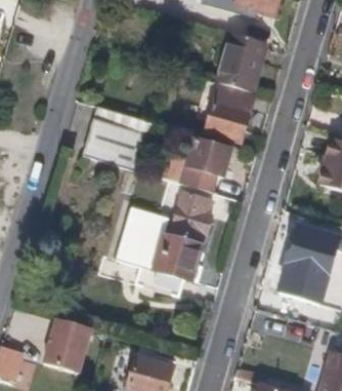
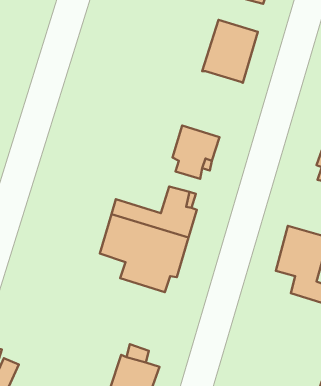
building: [203,81,251,141] -> none
building: [81,104,151,169] -> none
building: [43,317,91,373] -> none

